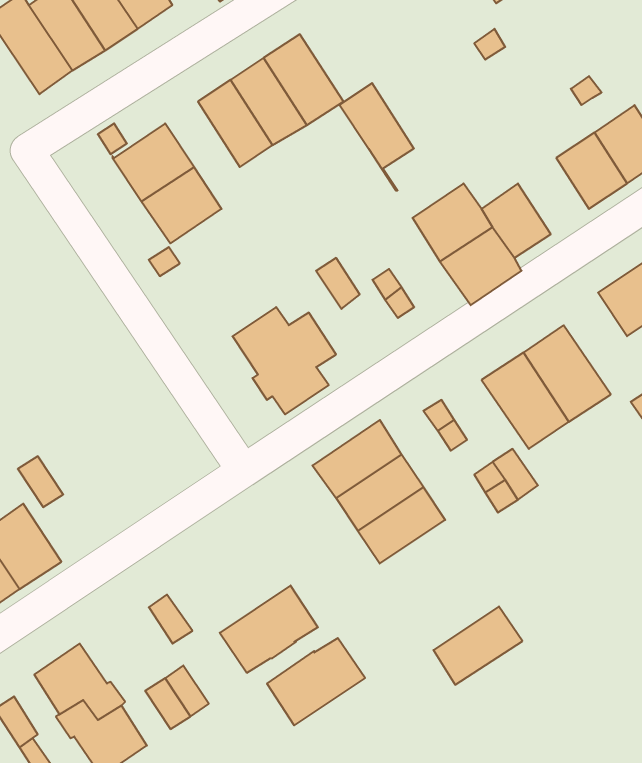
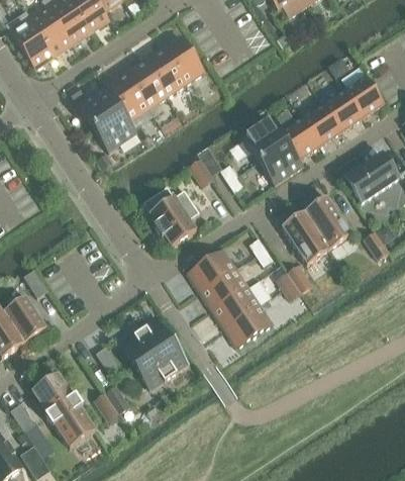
building: [339,83,414,190] -> [105,72,146,131]
building: none -> [301,103,340,146]
building: [433,606,522,685] -> [224,304,274,348]
building: [267,638,365,725] -> [120,318,175,367]

